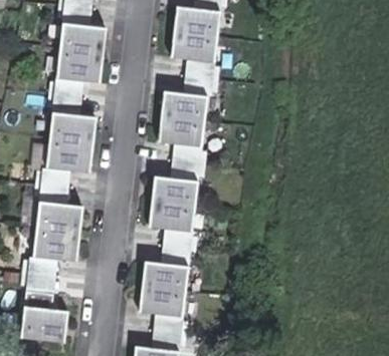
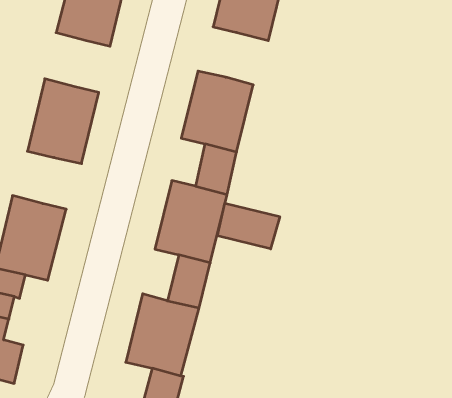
building: [185,60,213,97] -> none
building: [51,77,78,115] -> none
building: [38,166,65,205] -> none
building: none -> [217,203,280,249]

